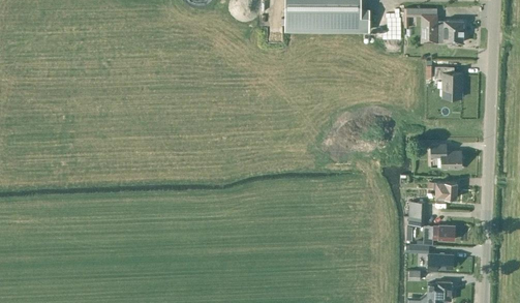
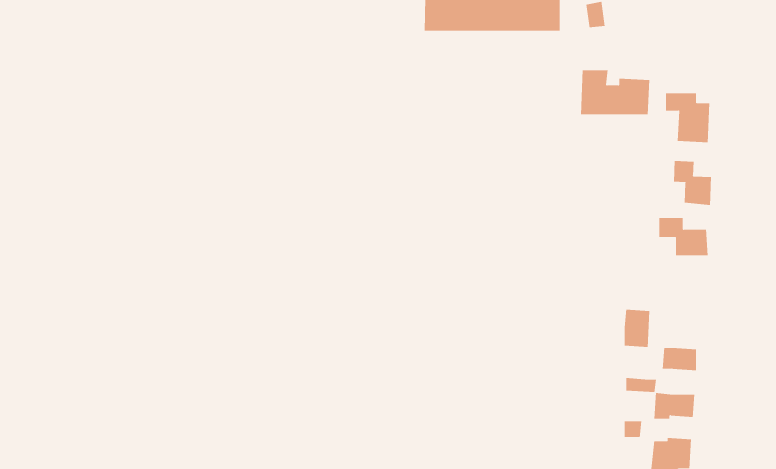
building: [421,14,464,42] -> [580,70,650,115]
building: none -> [673,160,712,206]
building: [429,182,457,201] -> none

